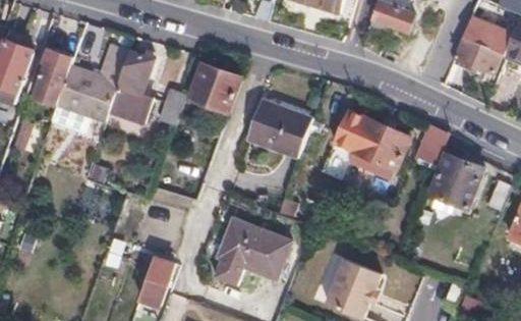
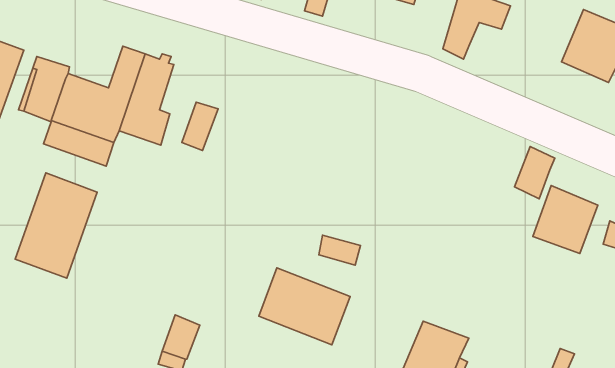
building: [189,64,241,113] -> none
building: [249,101,311,157] -> none
building: [330,108,410,177] -> none
building: none -> [15,173,97,278]

